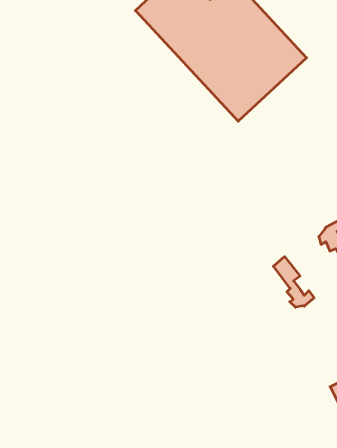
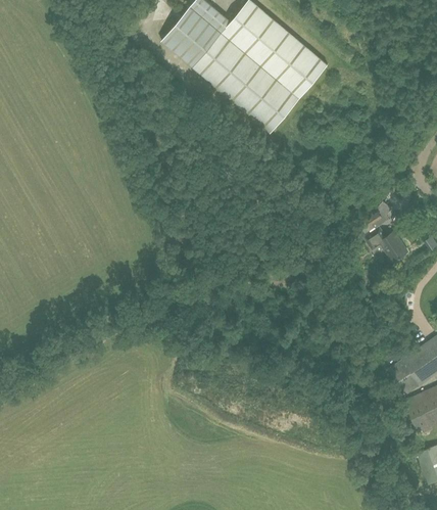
building: [273,257,314,307] -> none

